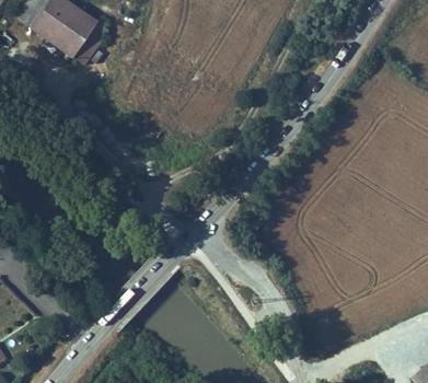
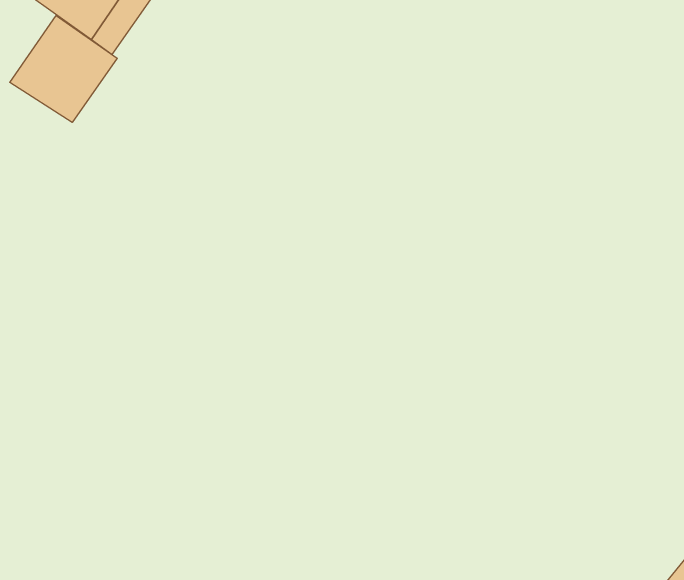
building: none -> [10,16,117,122]

